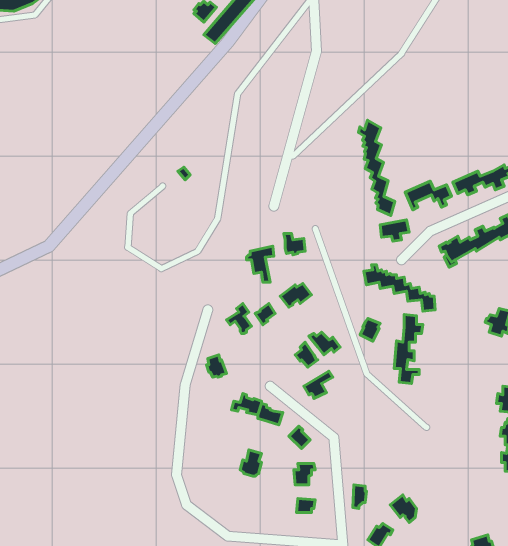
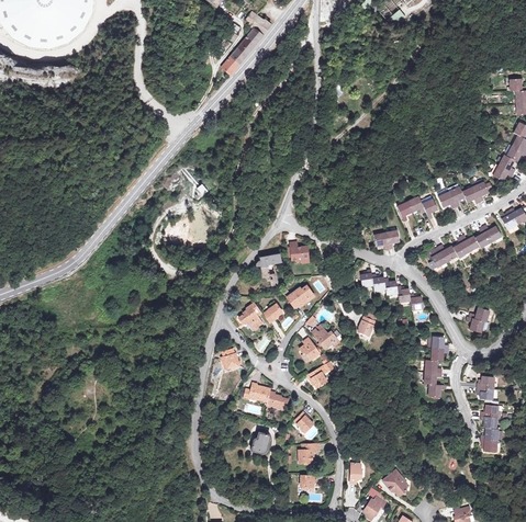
building: [359,120,395,216] -> none
building: [394,315,423,383] -> [423,337,448,397]

